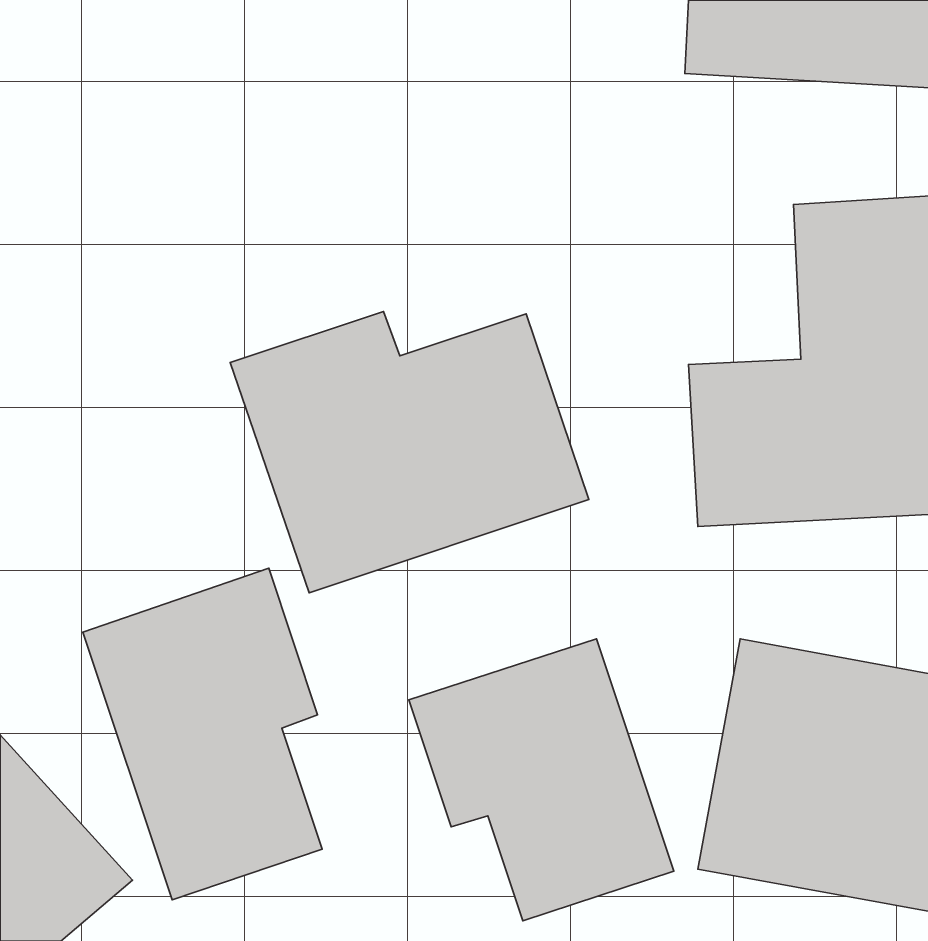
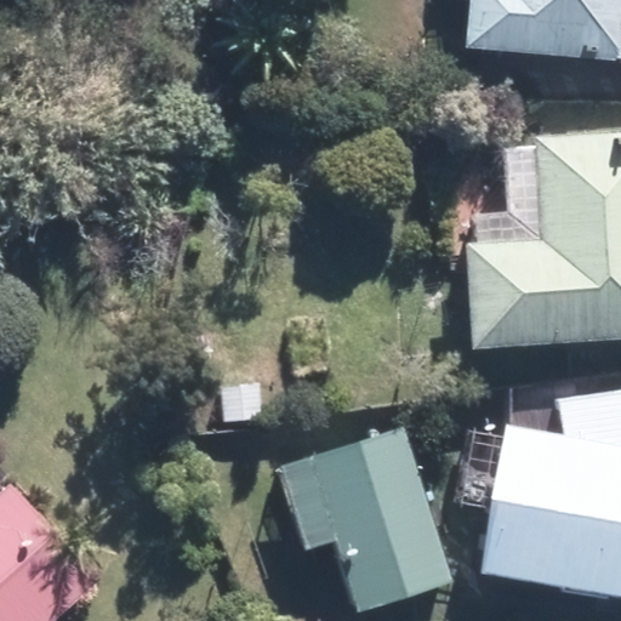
building: [230,311,589,593] -> none
building: [83,568,322,900] -> none

